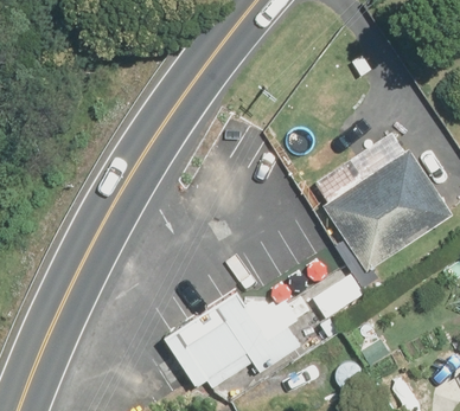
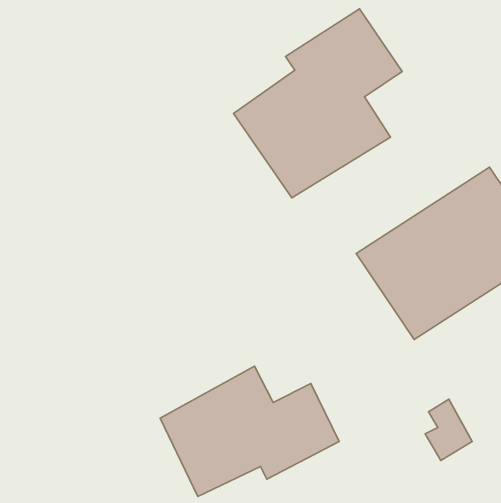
building: none -> [233,9,402,198]

